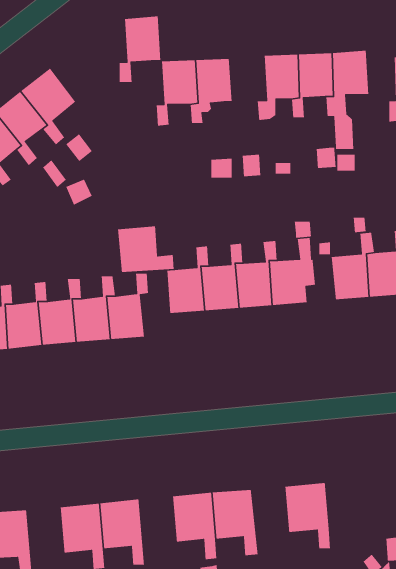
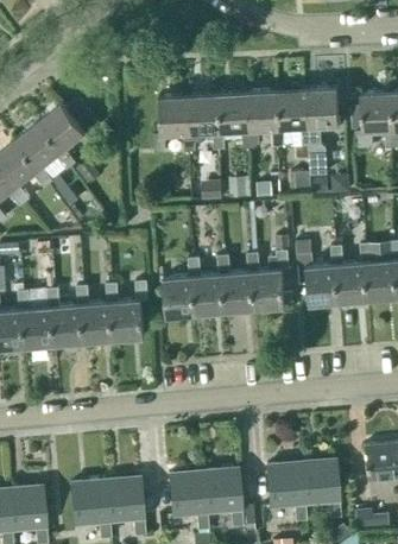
building: [119,16,161,83] -> [214,91,251,150]
building: [117,225,174,273] -> none
building: none -> [302,460,341,518]

